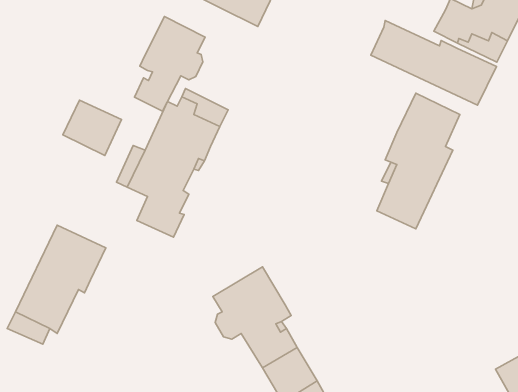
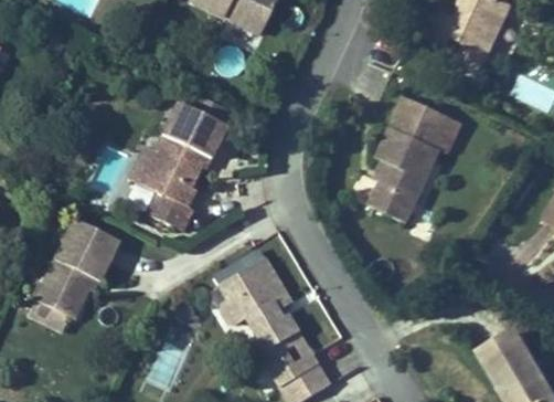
building: [134,17,205,111] -> none
building: [371,21,496,105] -> none
building: [63,100,122,155] -> none

